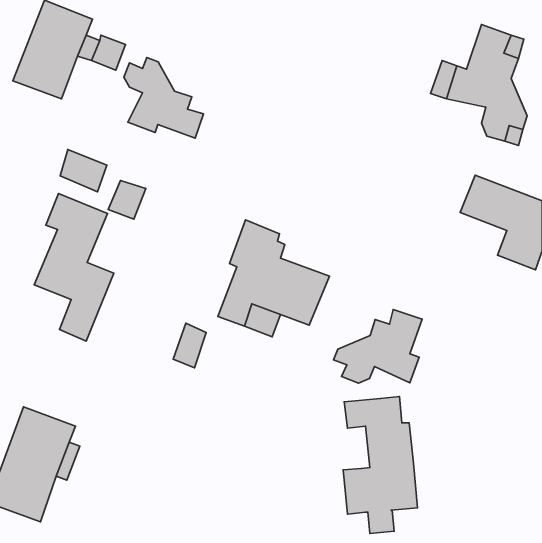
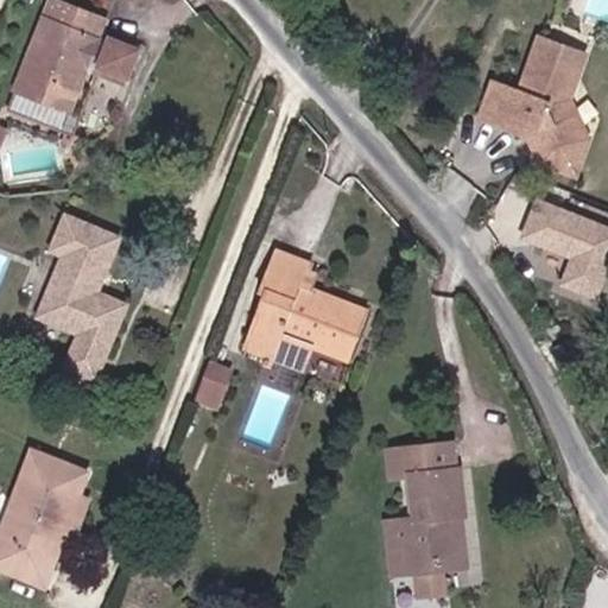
building: [124,57,203,138] -> none
building: [60,150,107,192] -> none
building: [108,180,146,219] -> none
building: [334,309,422,383] -> none

